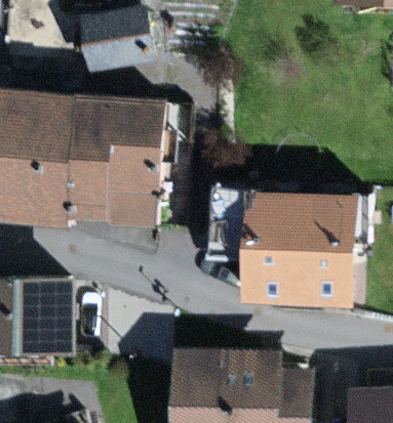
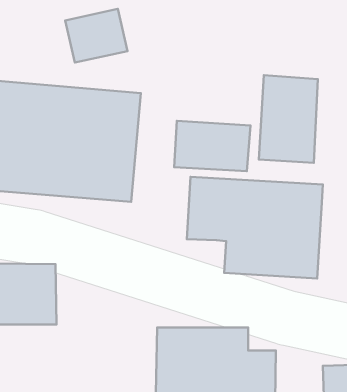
building: none -> [259,75,318,163]
building: none -> [174,121,250,171]

